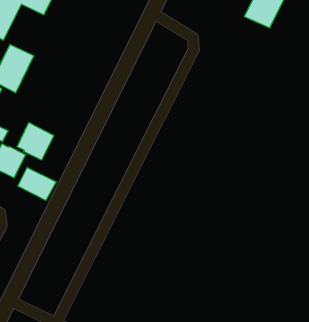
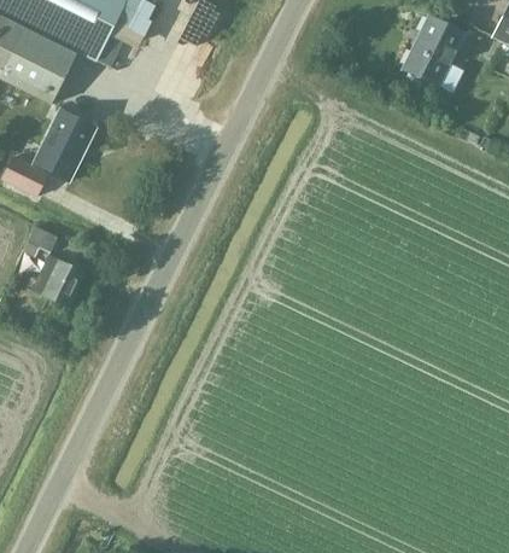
building: [17,123,54,160] -> none
building: [18,167,56,200] -> none

